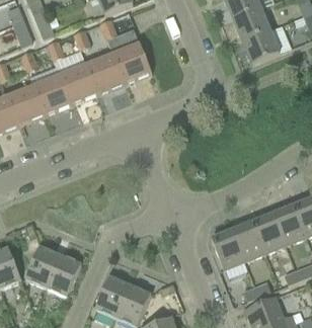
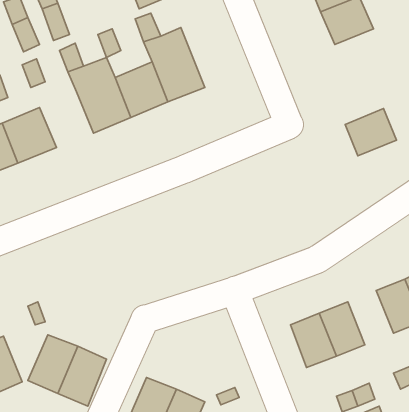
building: [242,29,279,63] -> [345,109,396,156]
building: [32,74,71,113] -> none
building: [251,215,284,253] -> none

